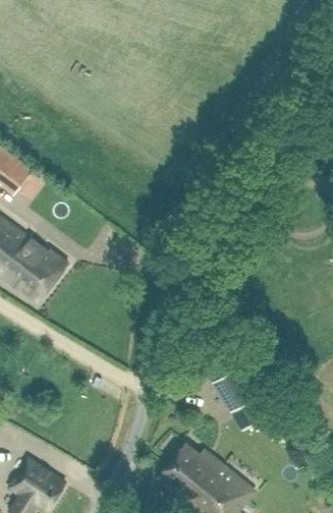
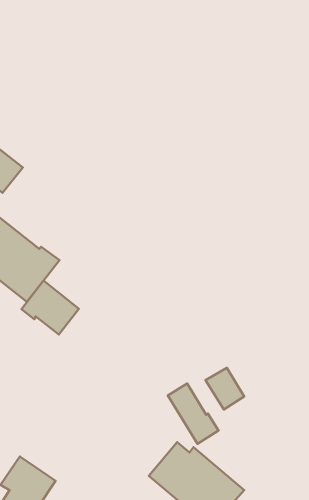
building: none -> [22,281,79,335]
building: none -> [168,384,218,444]

